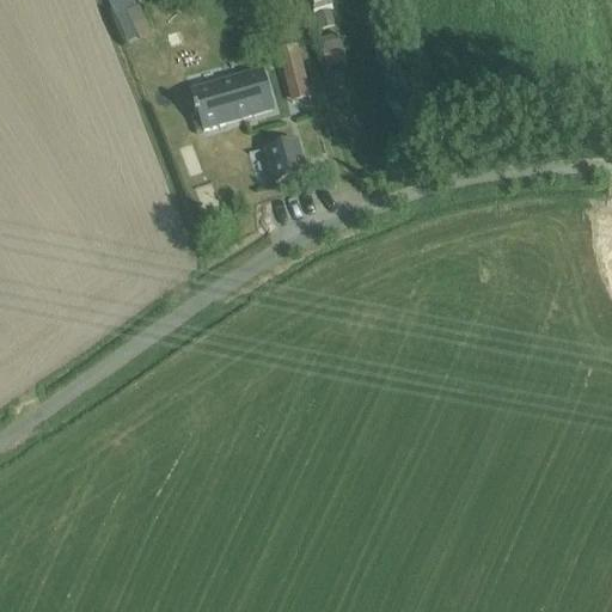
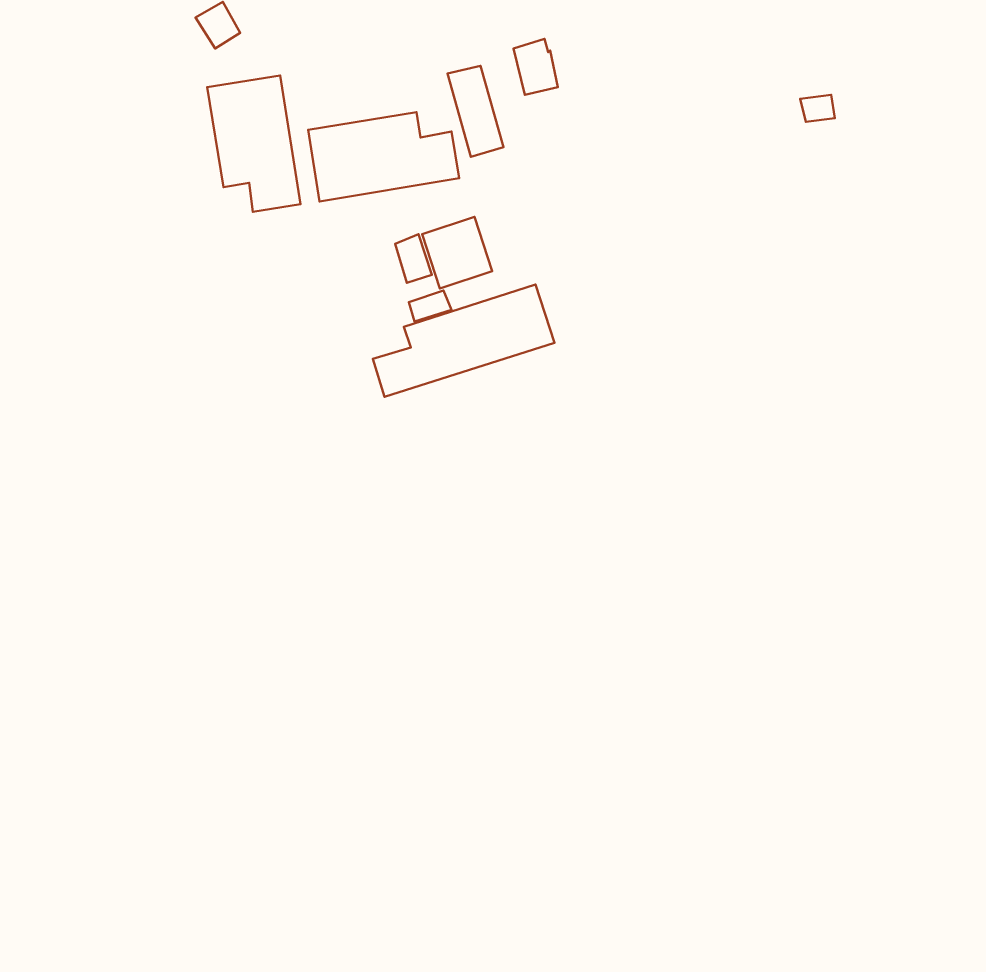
building: none -> [207,75,300,212]
building: none -> [373,284,554,397]

